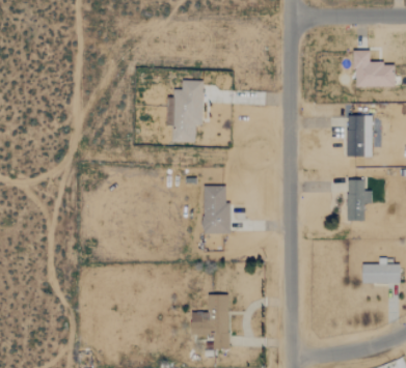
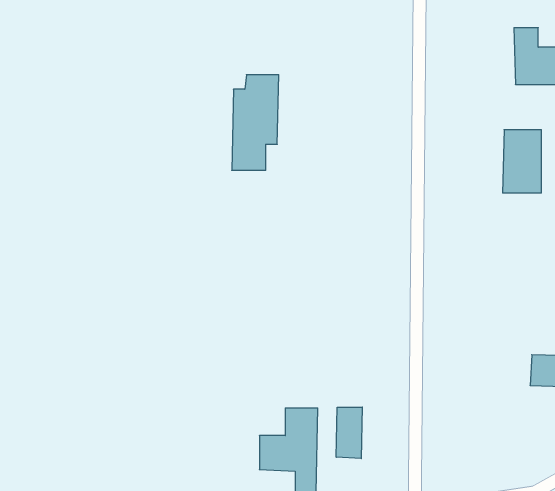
building: [347,178,372,221] -> none
building: [202,186,231,233] -> none
building: none -> [336,407,362,459]

